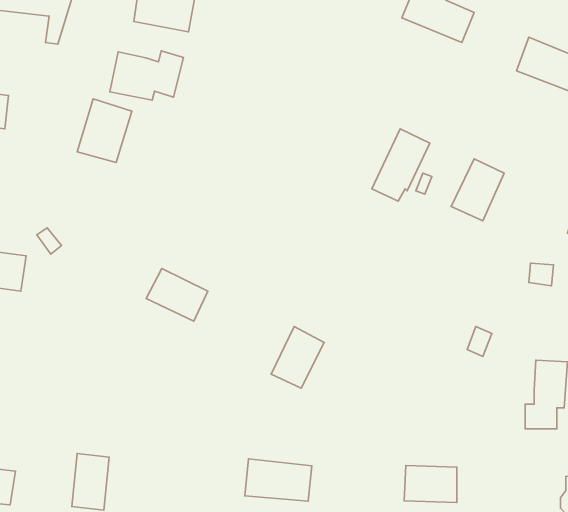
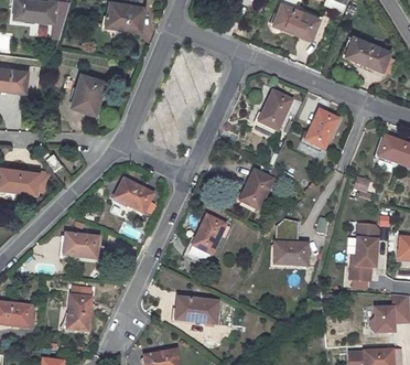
building: [110,51,184,100] -> none
building: none -> [239,172,272,211]
building: none -> [63,234,98,259]
building: [404,466,457,503] -> [273,245,306,268]

